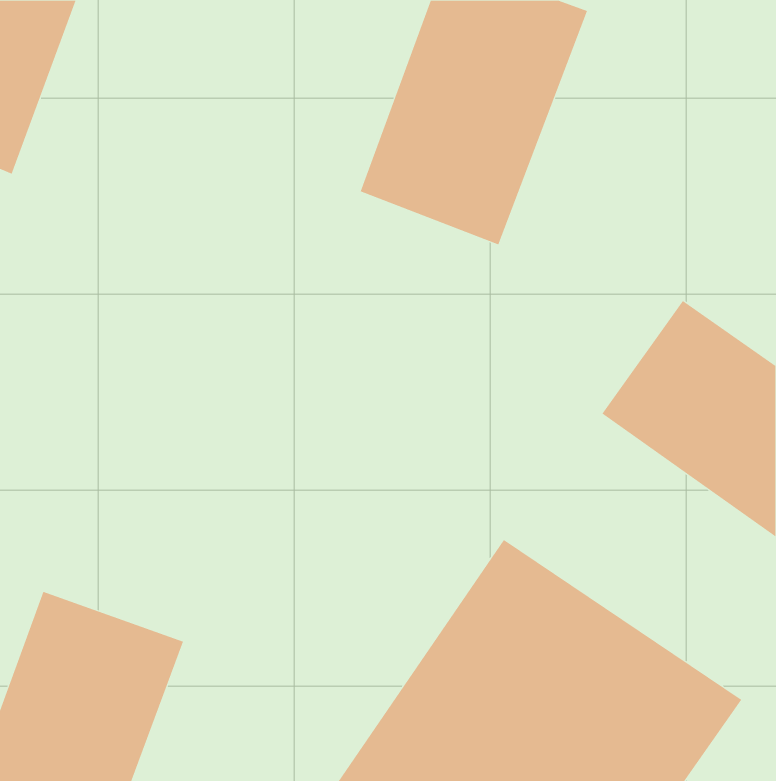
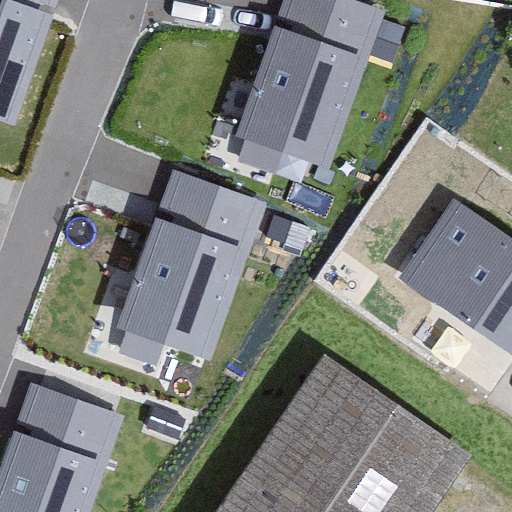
building: none -> [113,171,264,363]

